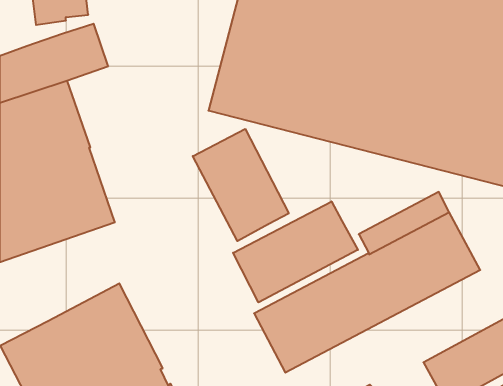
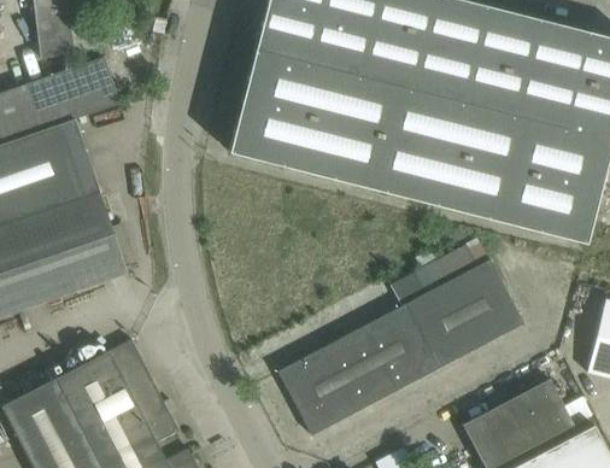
building: [193,129,289,241] -> none
building: [233,201,358,302] -> none

